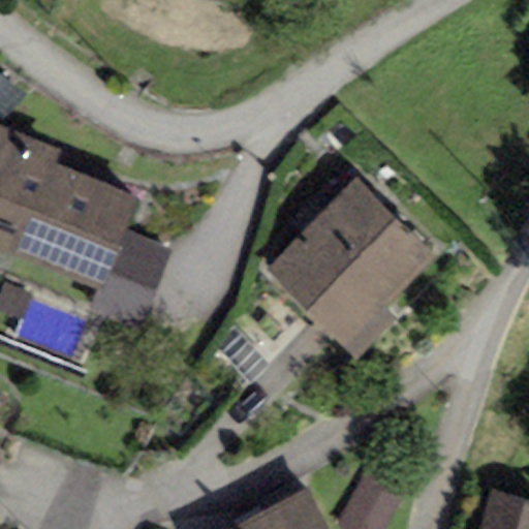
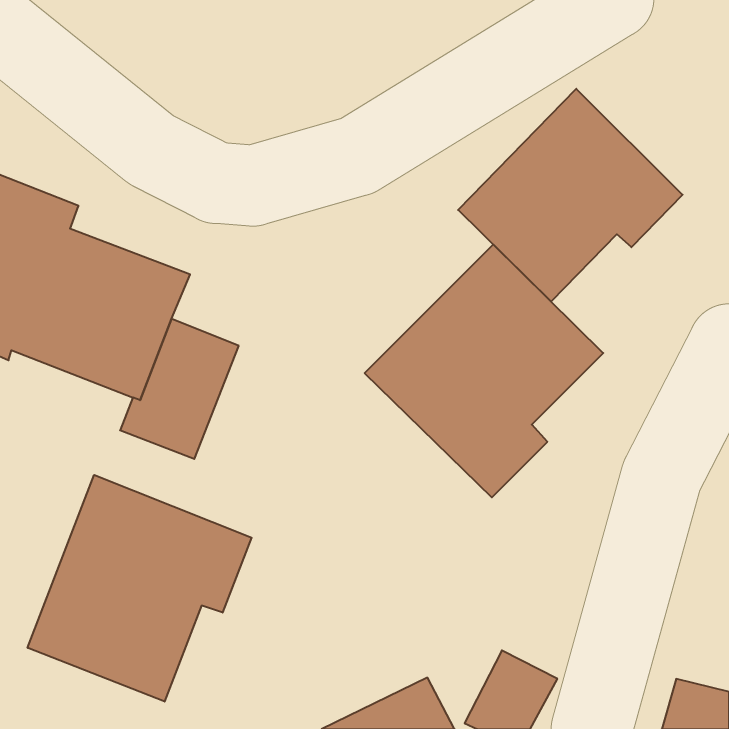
building: none -> [458,89,683,302]
building: none -> [28,475,252,702]

